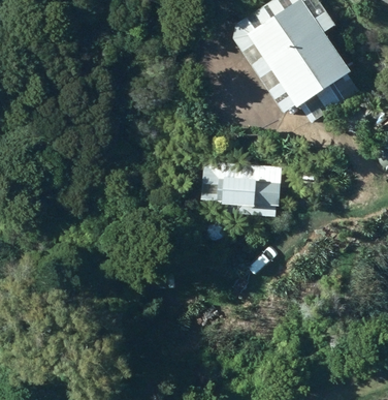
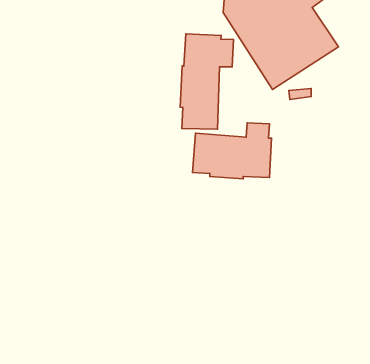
building: none -> [180,34,234,129]

